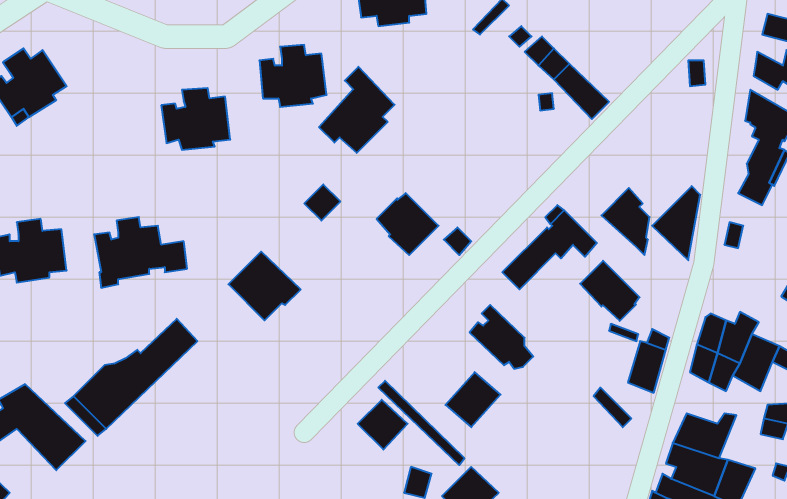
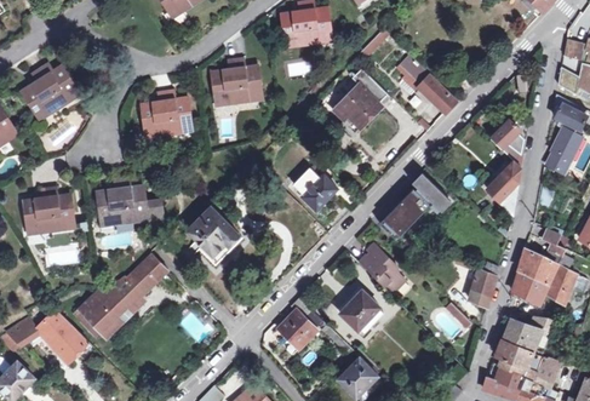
building: [319,67,395,153] -> [334,68,388,128]
building: [601,188,650,255] -> [491,120,525,167]
building: [580,261,640,321] -> none

